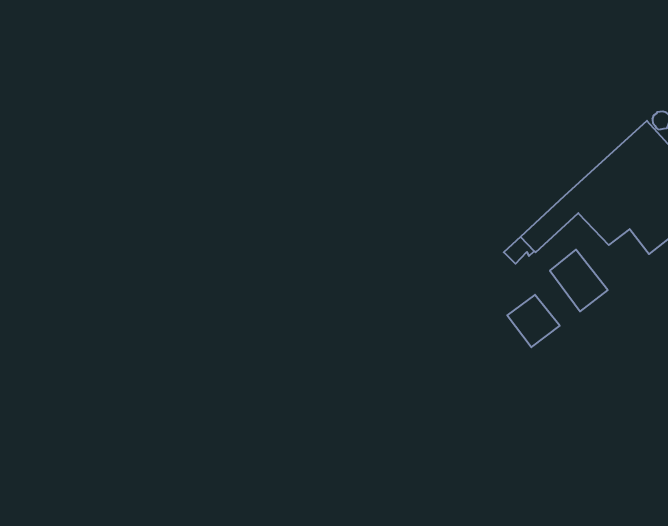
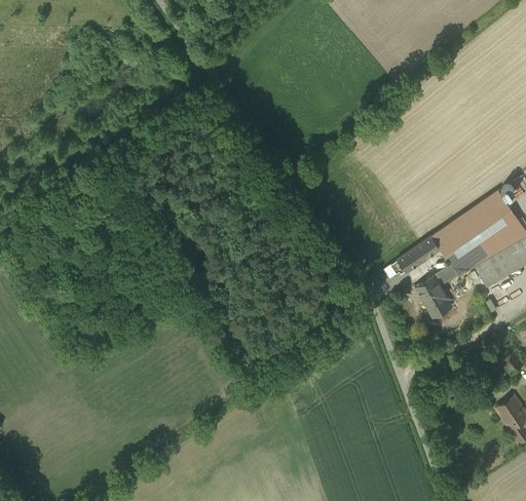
building: [507,295,560,347] -> none

